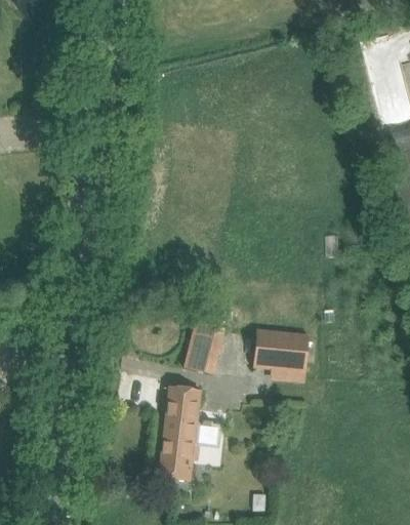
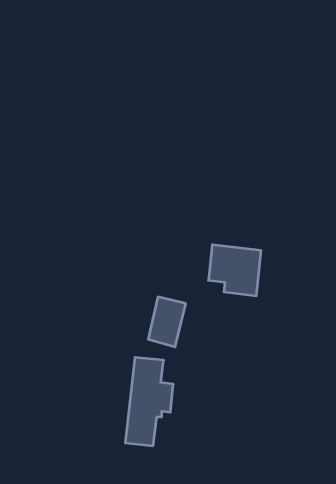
building: [252,328,309,382] -> [208,245,261,296]

